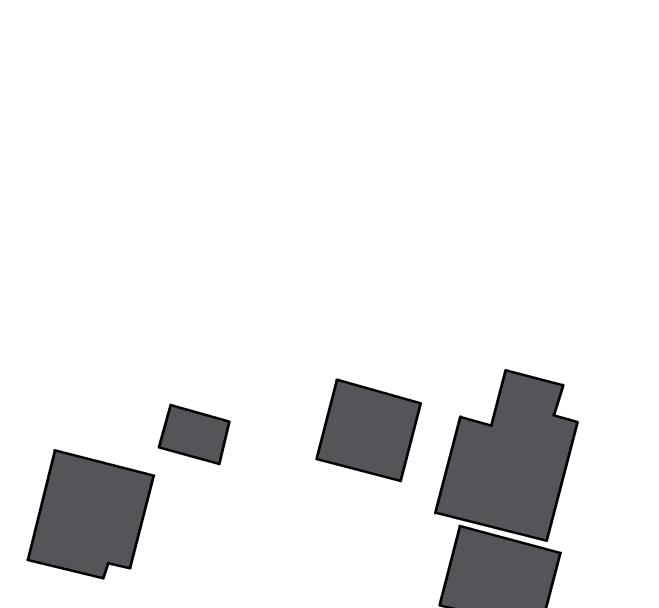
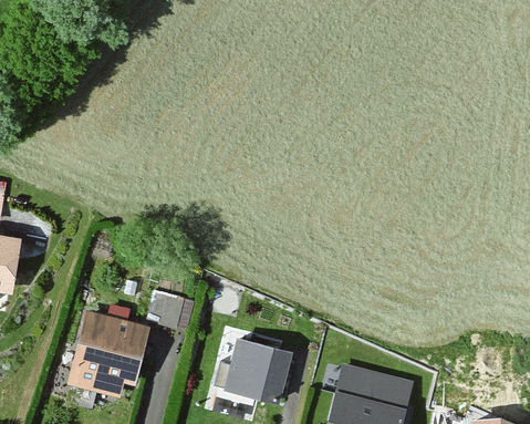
building: [435,370,577,541] -> none
building: [317,380,421,481] -> [218,338,287,404]

